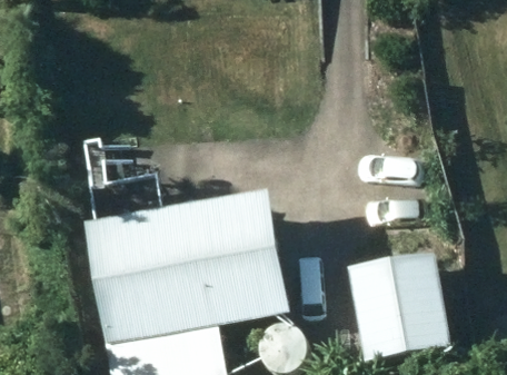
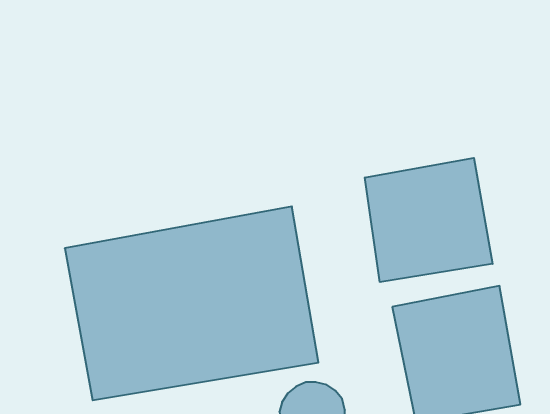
building: none -> [365,158,493,282]

